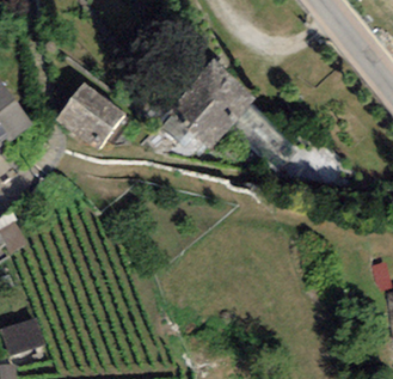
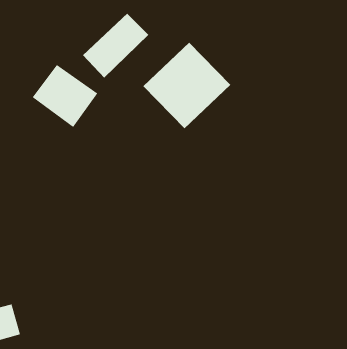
building: none -> [82,13,149,78]

